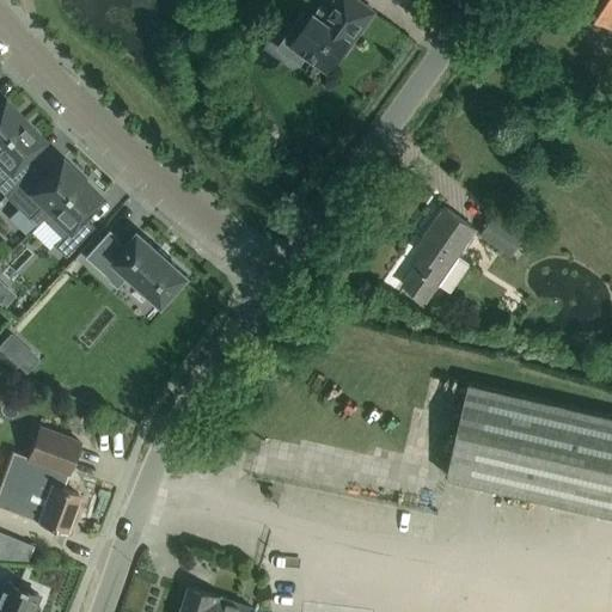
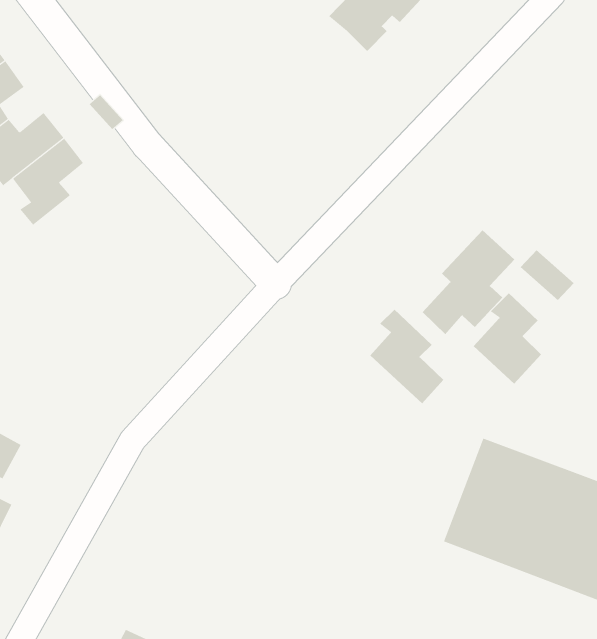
building: [84,233,188,306] -> none
building: none -> [473,292,542,385]
building: none -> [370,309,444,404]

